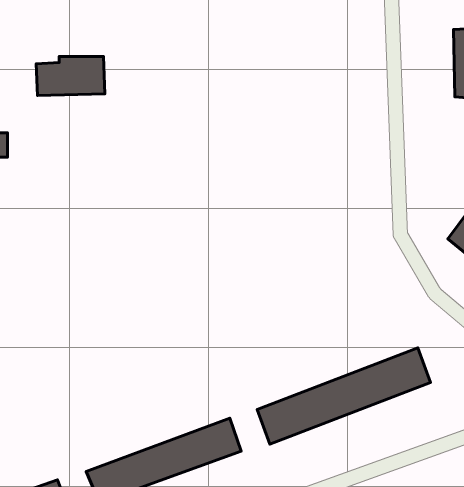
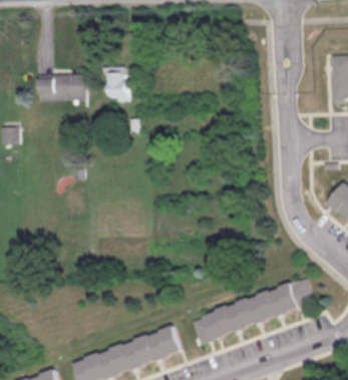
building: none -> [104,66,127,100]

